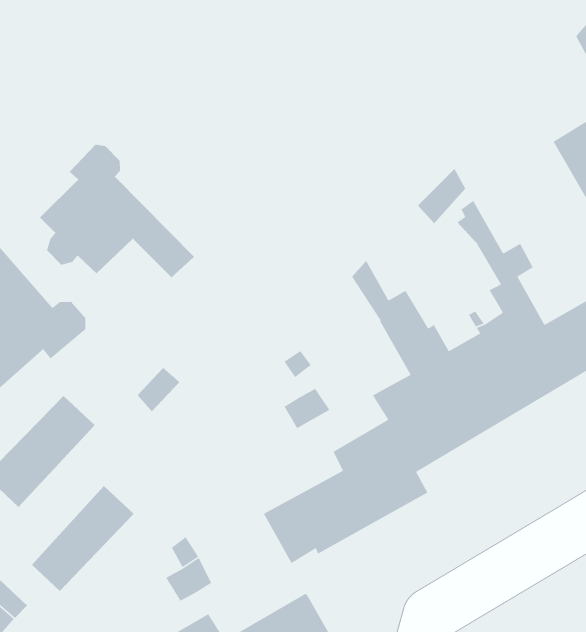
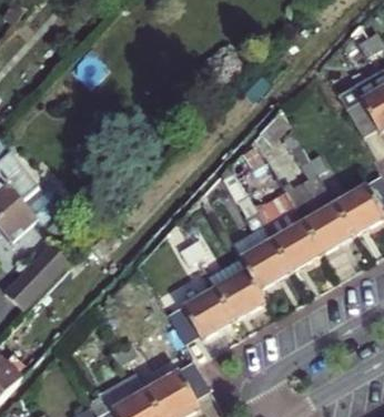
building: [39,144,195,278] -> none
building: [31,485,134,592] -> none

